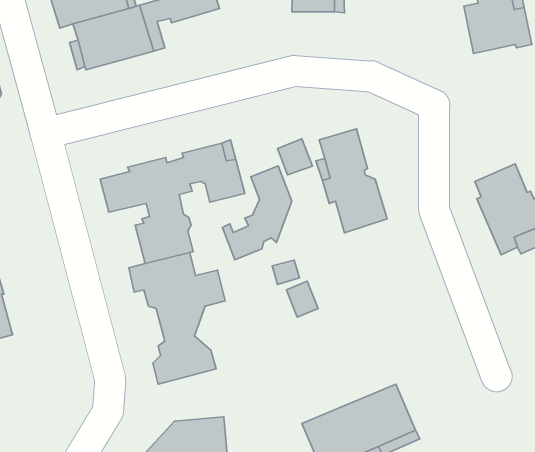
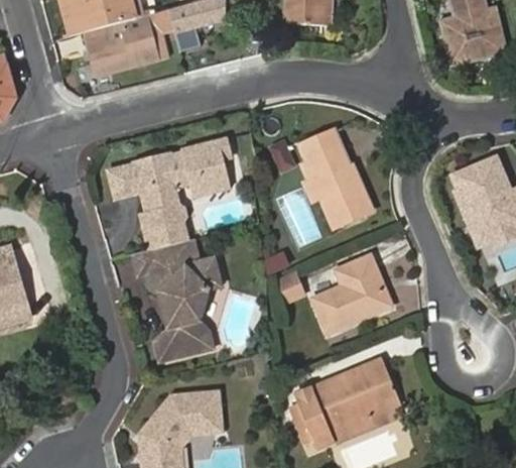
building: [222,166,292,260] -> none
building: none -> [309,258,386,334]

